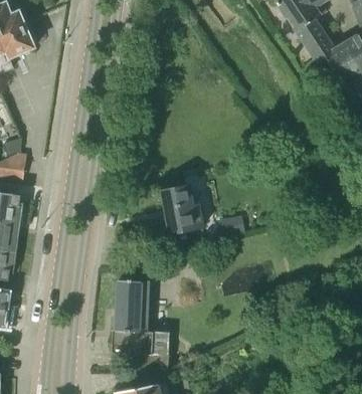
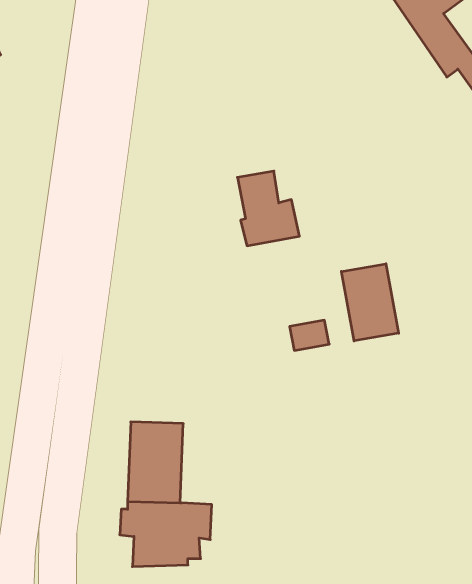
building: none -> [341,264,399,341]
building: [163,186,202,233] -> [237,171,299,246]

